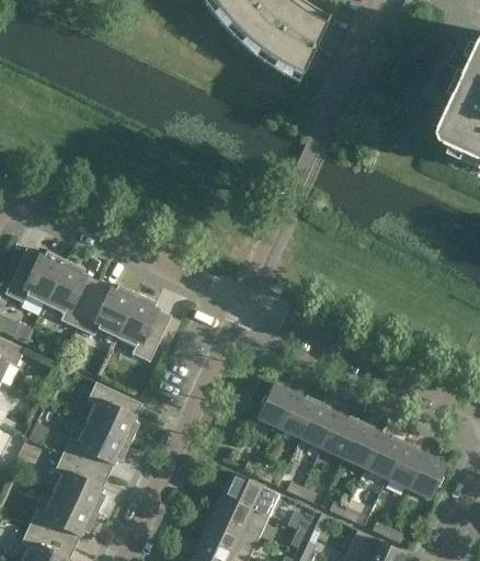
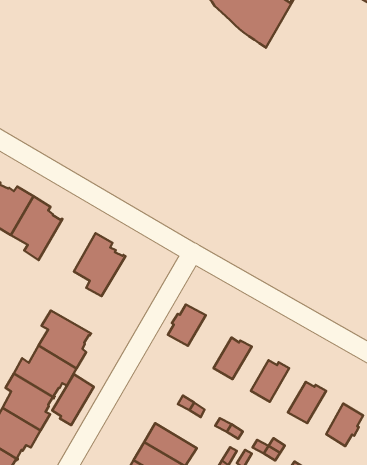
building: [77,282,136,337] -> none
building: [255,383,295,428] -> [168,304,206,346]
building: [300,401,338,449] -> none
building: [343,421,380,469] -> none
building: [386,442,423,489] -> none
building: none -> [52,374,94,425]
building: [220,472,278,517] -> none

